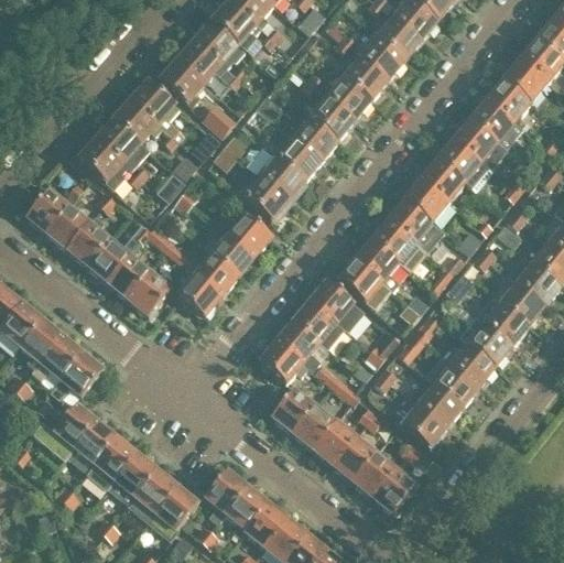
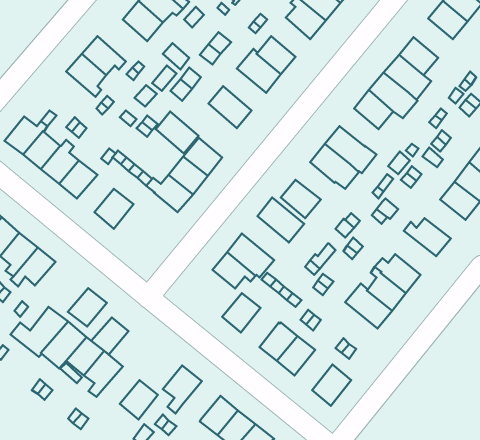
building: [326,77,370,121] -> none
building: [487,78,531,122] -> none
building: [130,79,180,127] -> none
building: [272,134,321,182] -> none
building: [77,138,128,190] -> none
building: [239,174,288,221] -> [156,111,199,154]
building: [403,180,447,223] -> none
building: [354,240,400,290] -> none
building: [107,255,149,296] -> none
building: [177,274,220,317] -> none
building: [499,277,545,326] -> none
building: [293,301,345,350] -> none
building: [466,317,512,367] -> none
building: [59,353,104,396] -> [68,288,107,326]
building: [401,397,446,448] -> none
building: [292,404,335,448] -> none
building: [352,452,395,497] -> none
building: [135,470,177,512] -> [91,317,128,355]
building: [226,487,269,537] -> none

